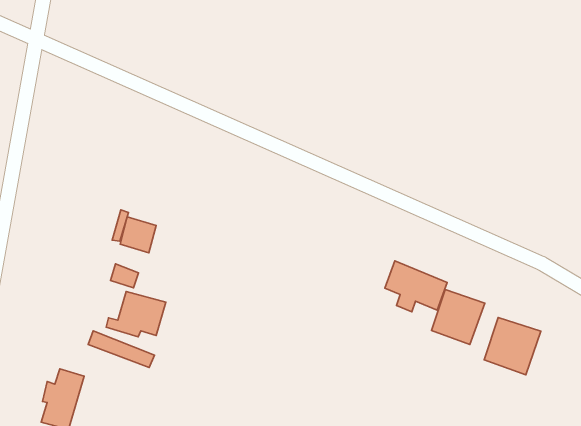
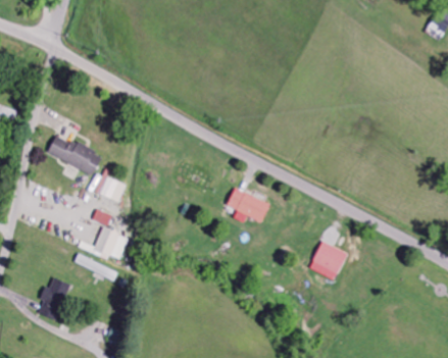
building: none -> [47,134,101,174]
building: [385,261,447,312] -> [227,187,269,222]
building: [484,317,541,375] -> none

